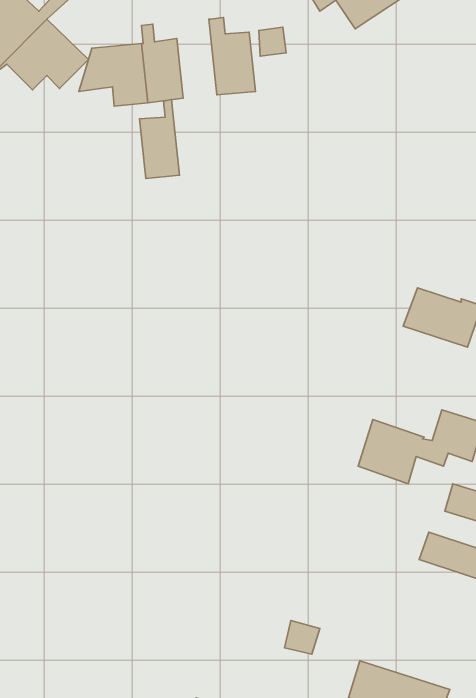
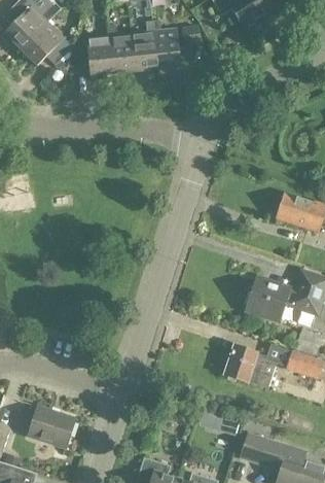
building: [140,100,180,178] -> [131,22,156,72]
building: none -> [224,345,276,388]
building: none -> [28,406,75,448]

